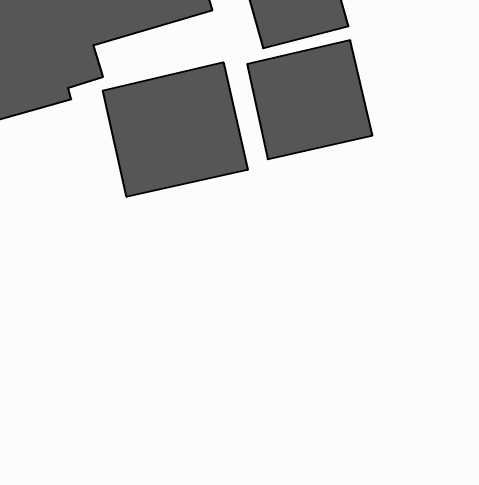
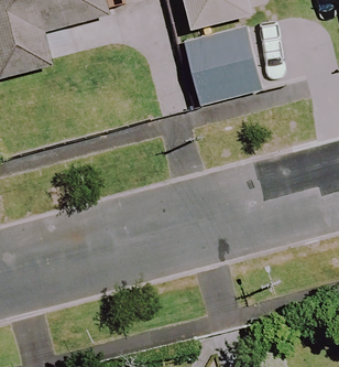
building: [103,62,248,197] -> none

